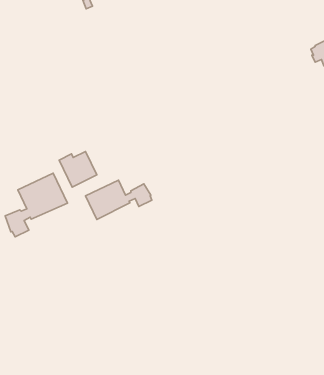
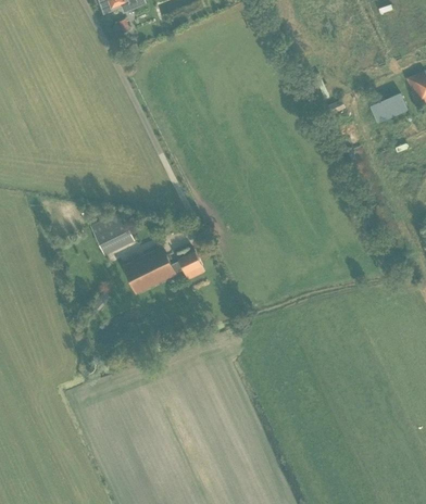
building: none -> [371,91,408,122]
building: [5,173,67,237] -> none

